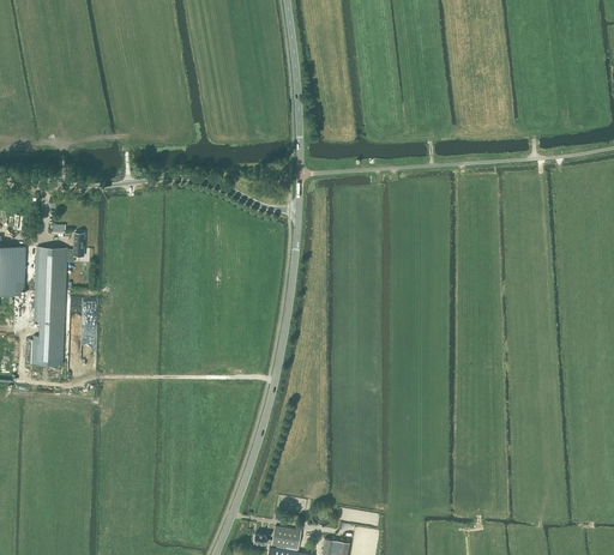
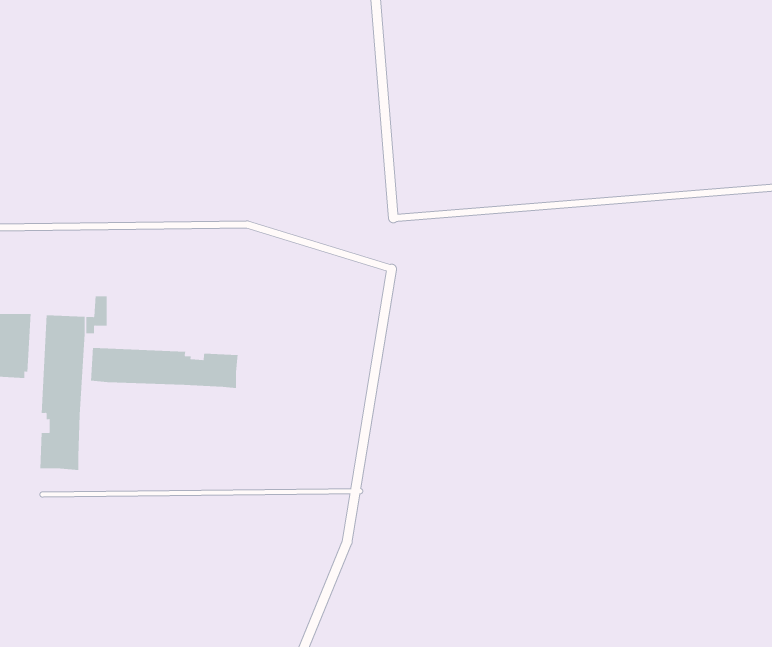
building: none -> [91,347,238,389]

